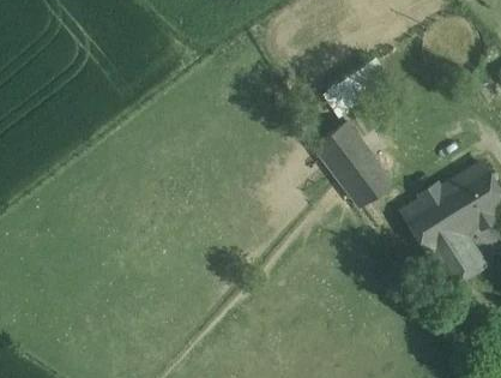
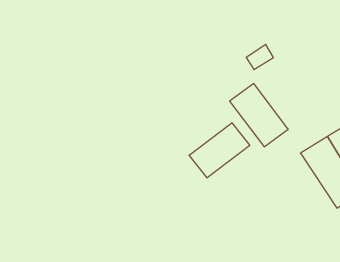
building: none -> [189,123,250,178]

